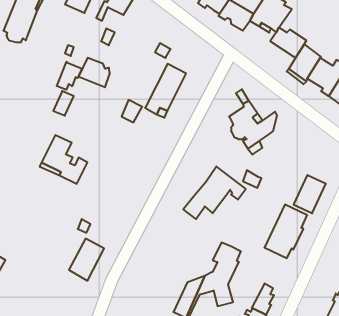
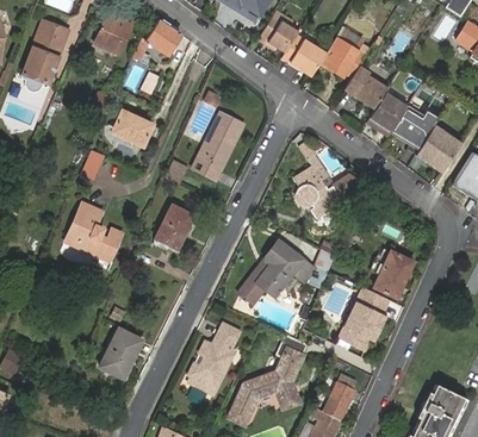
building: [57,62,82,90] -> none
building: none -> [156,205,194,249]
building: none -> [191,324,242,394]

